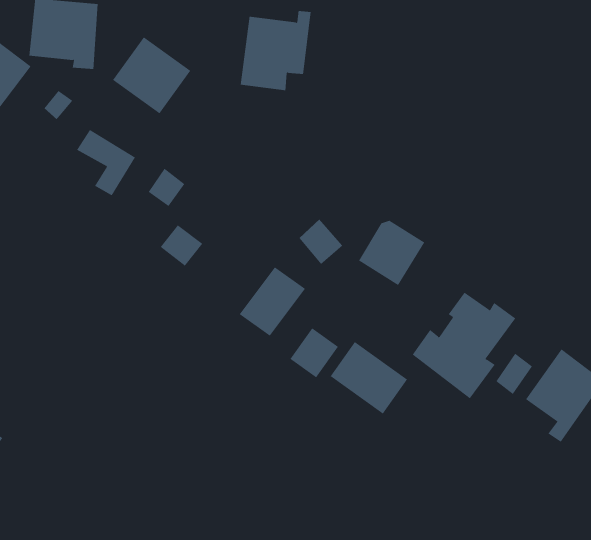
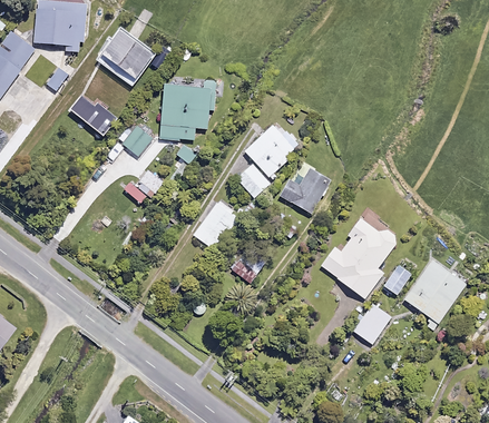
building: [240,10,311,91] -> [159,80,213,140]
building: none -> [245,125,299,177]
building: [330,341,408,415] -> none
building: none -> [352,303,391,344]

